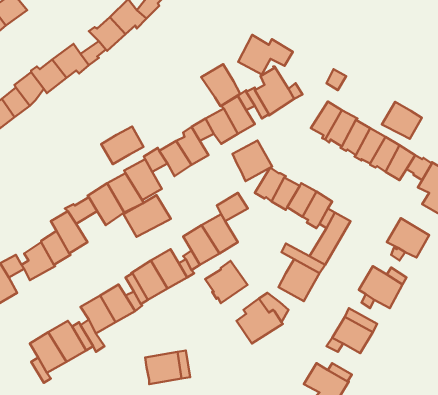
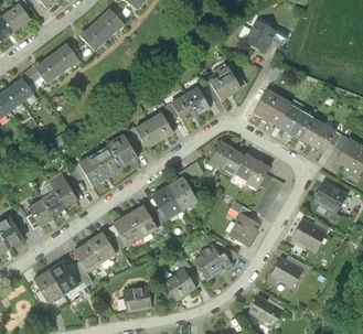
building: [238,35,293,74] -> [245,20,288,51]
building: [201,64,240,106] -> none
building: [382,102,422,139] -> none
building: [101,127,144,164] -> none
building: [232,140,272,181] -> none
building: [123,195,171,237] -> none
building: [205,261,247,303] -> [162,267,195,300]

